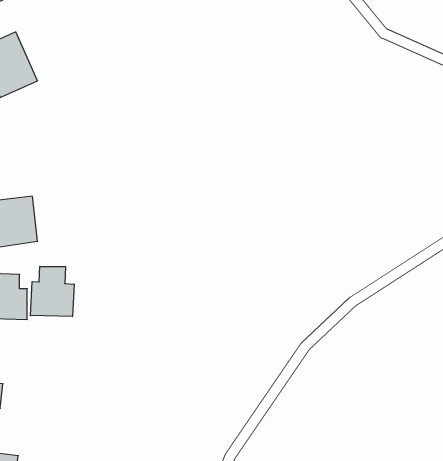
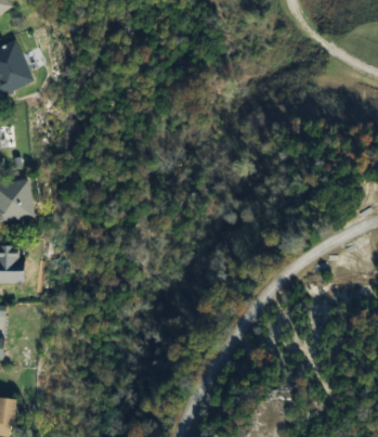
building: [30,266,74,317] -> none

